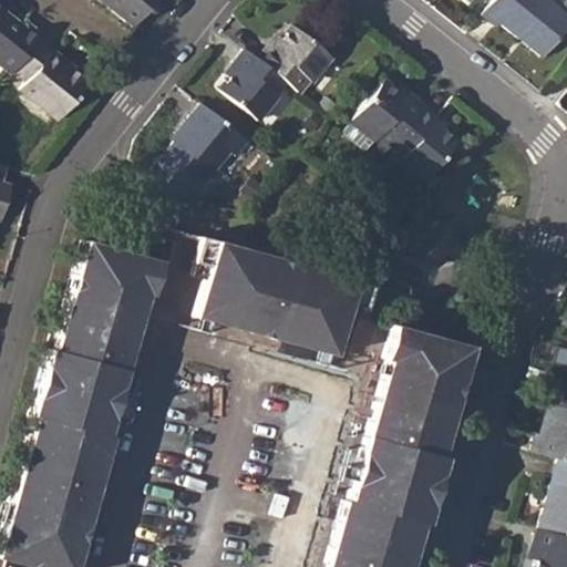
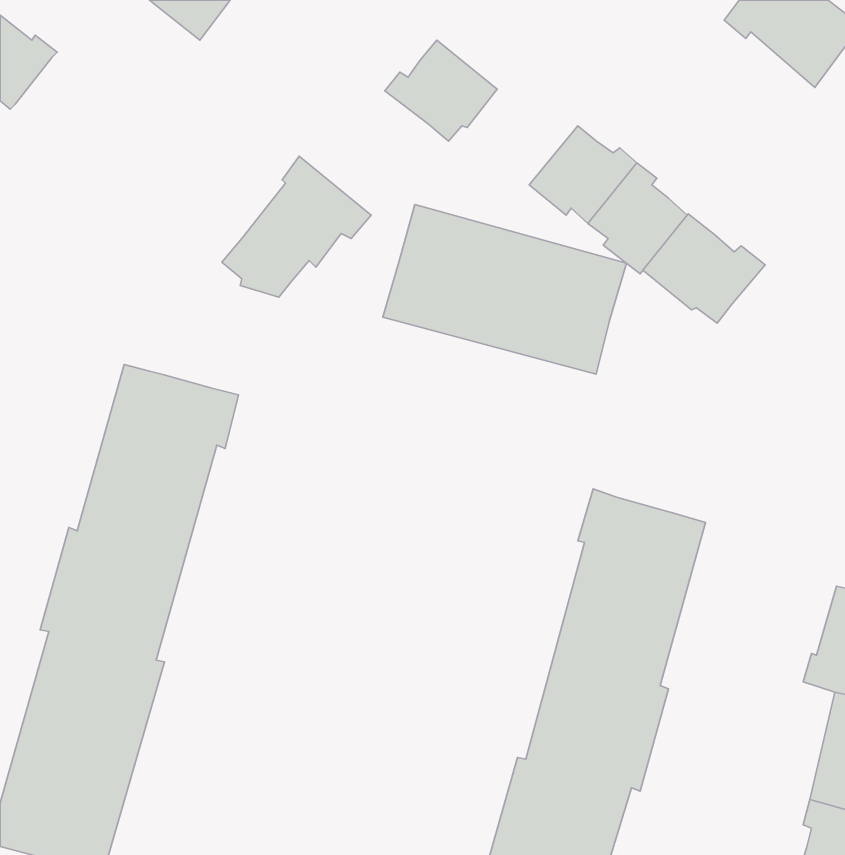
building: [19,40,89,117] -> none
building: [225,51,291,124] -> none
building: none -> [643,214,765,323]
building: [202,239,362,351] -> [383,204,626,374]

